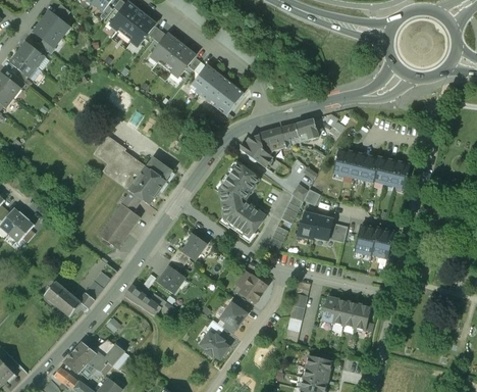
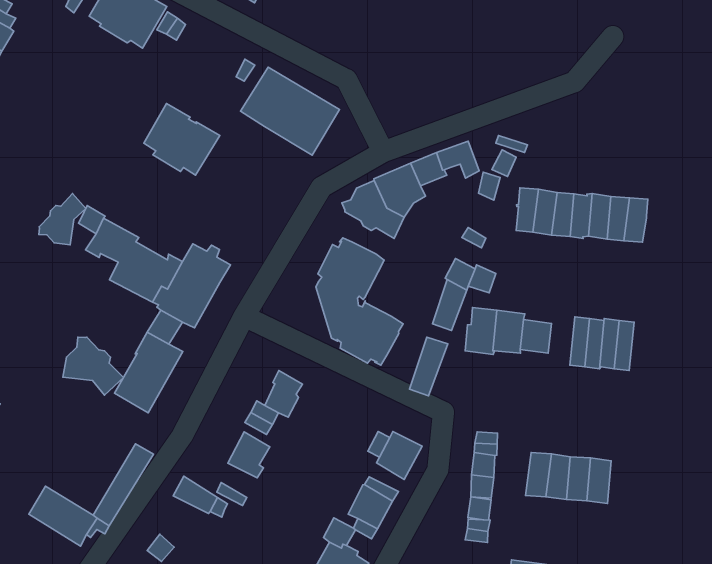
building: [152,34,195,76] -> [144,104,220,175]
building: none -> [39,193,86,245]
building: none -> [63,337,123,395]

